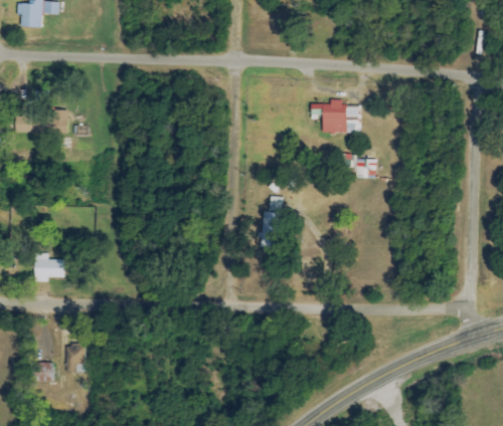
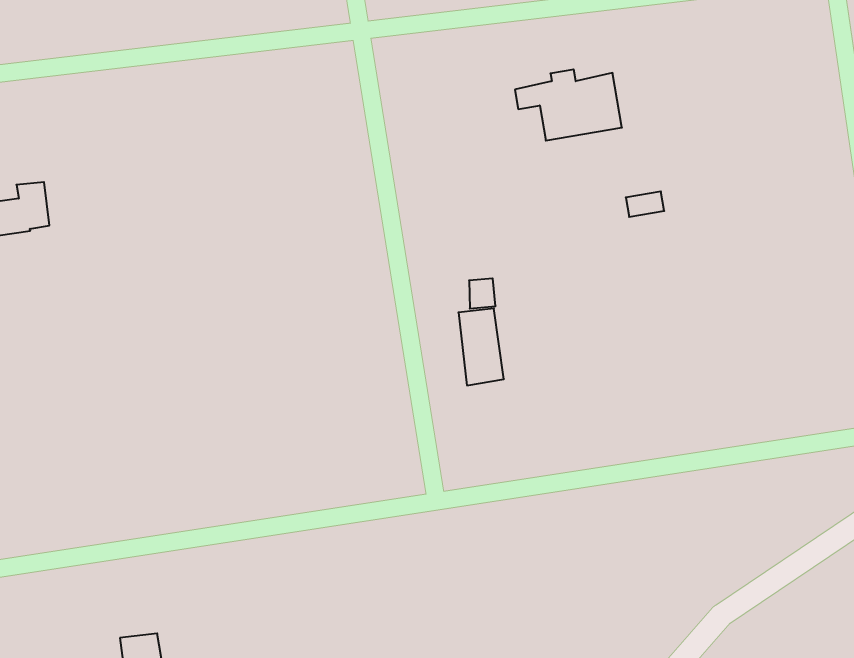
building: [35,252,64,281] -> none

